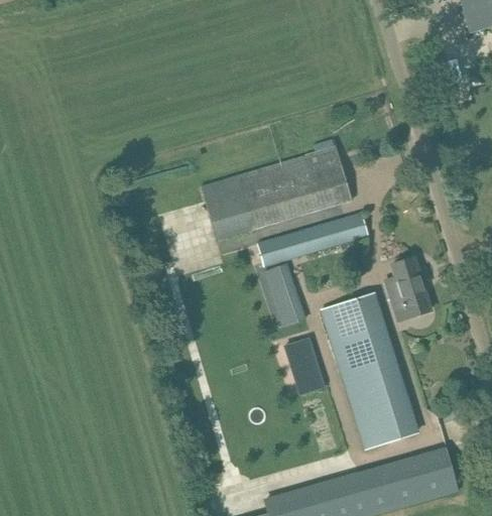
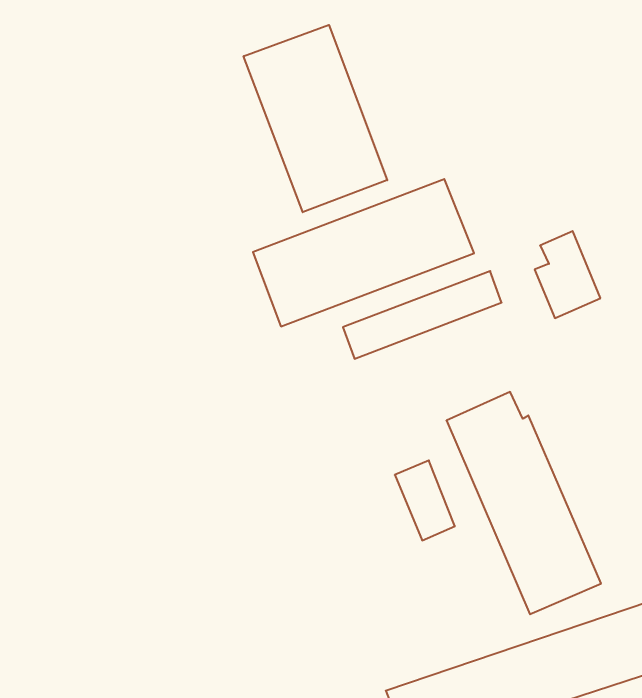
building: none -> [244,25,387,212]
building: [385,257,428,315] -> [535,231,600,318]
building: [263,261,309,327] -> none

